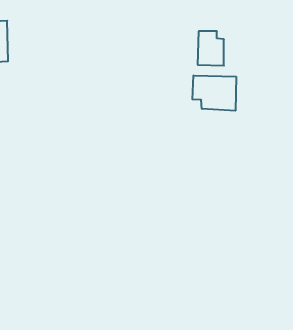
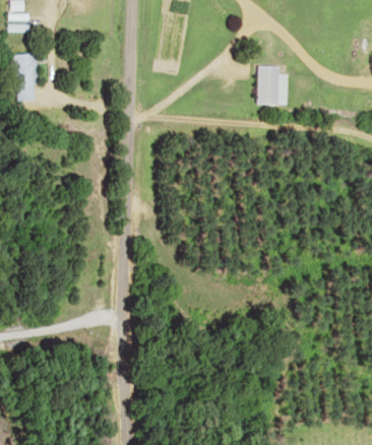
building: [192,75,236,111] -> none

